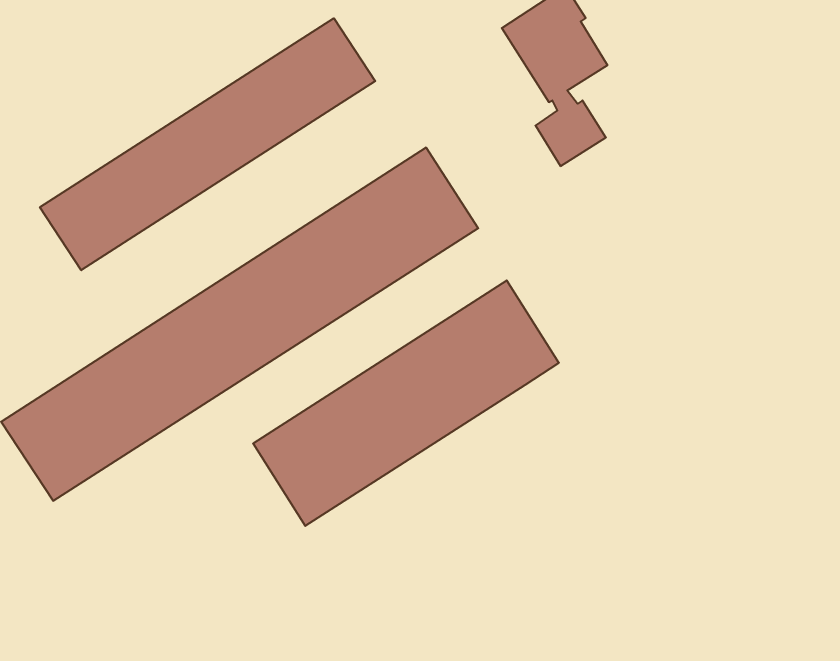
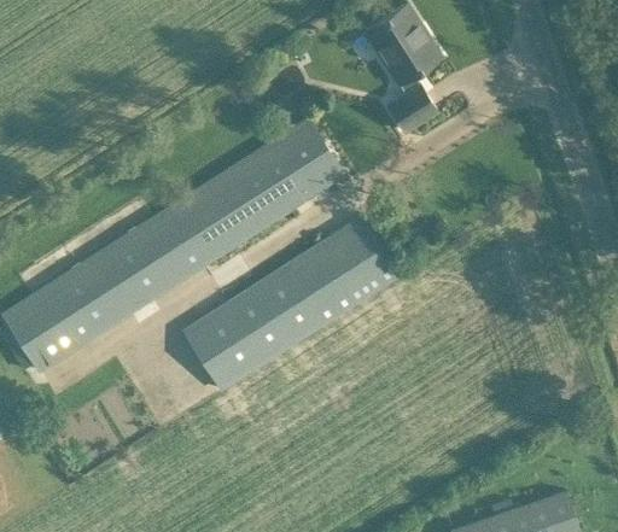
building: [40,18,375,270] -> none

